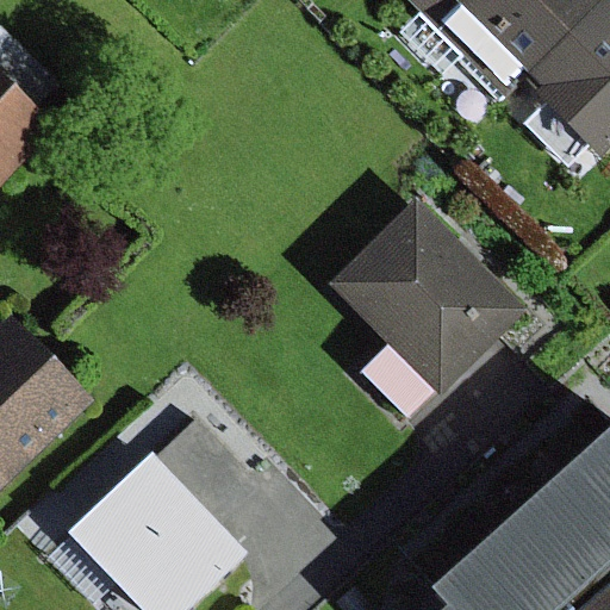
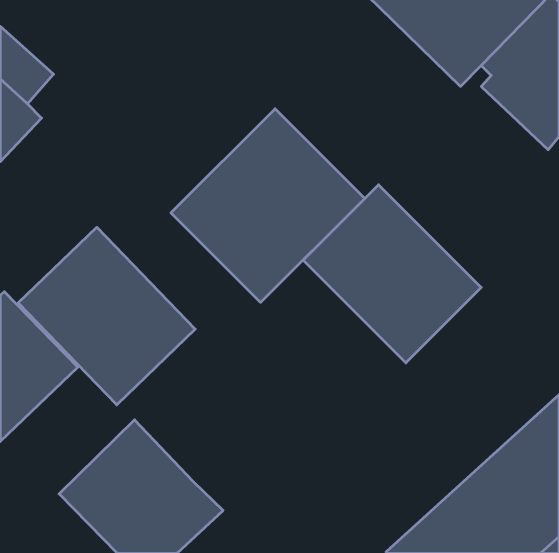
building: none -> [171,109,365,302]
building: none -> [18,227,195,405]
building: [147,417,254,525] -> none

